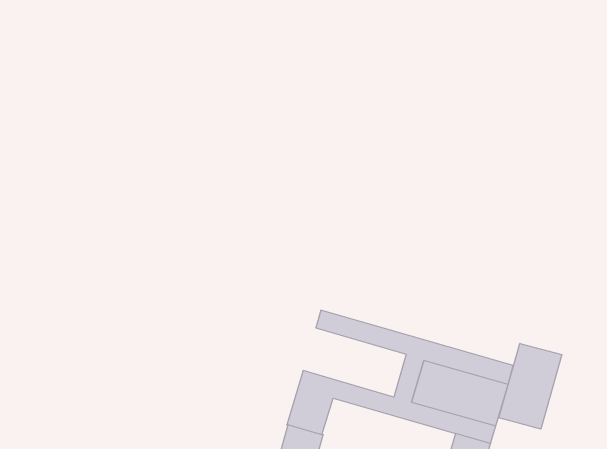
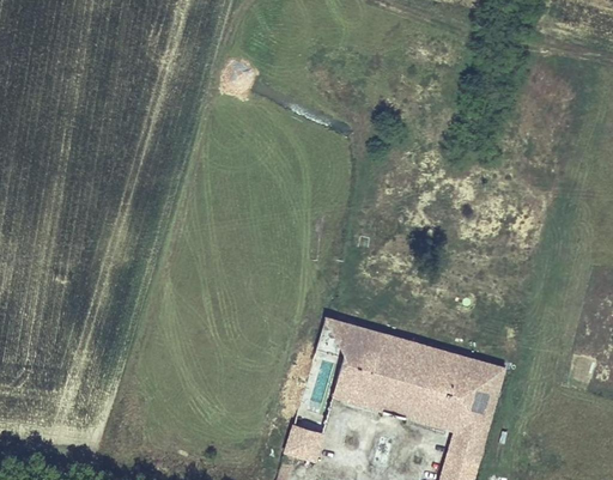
building: none -> [306,333,405,399]
building: [499,343,562,429] -> none

